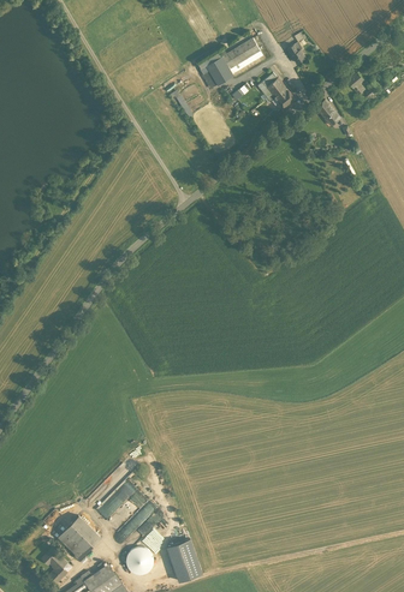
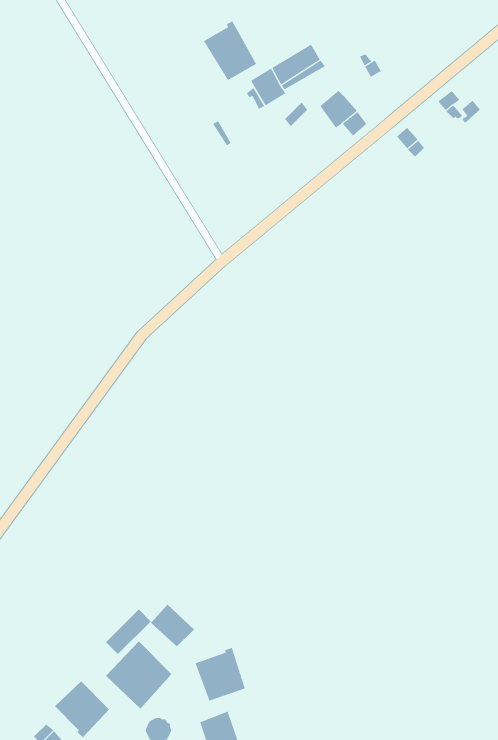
building: none -> [203,20,257,81]
building: none -> [150,604,195,647]
building: none -> [195,647,246,701]

